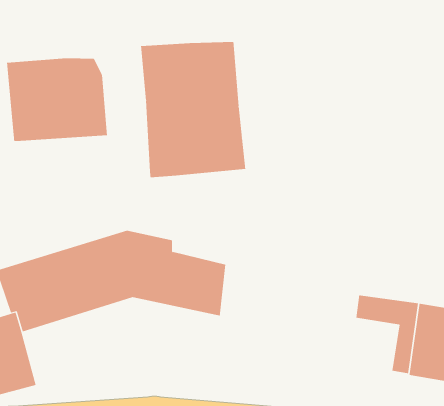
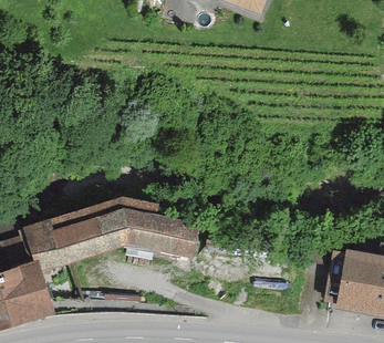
building: [140,41,246,178] -> none
building: [7,58,107,142] -> none

